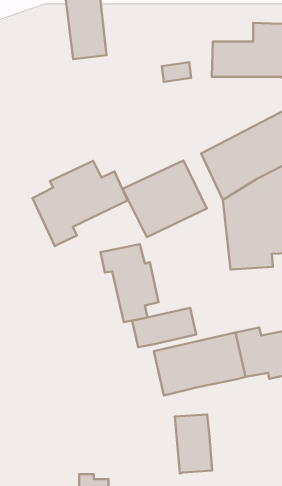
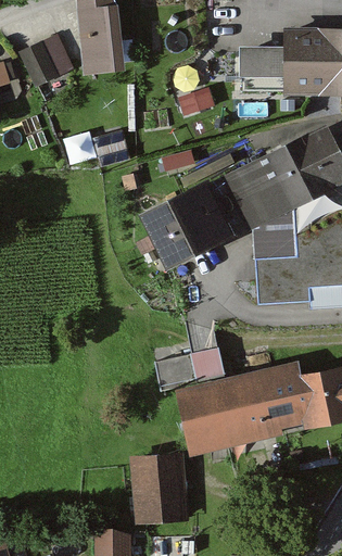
building: none -> [21,37,73,85]
building: [33,161,128,246] -> none
building: [100,244,159,322] -> none
building: [175,414,212,473] -> [135,456,176,521]

